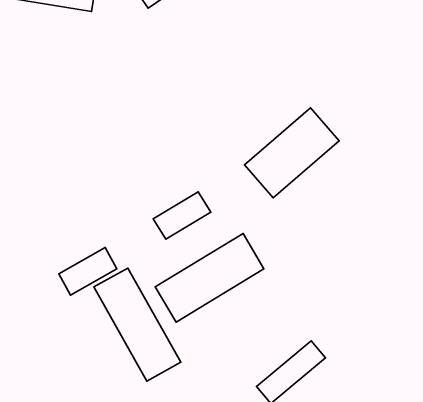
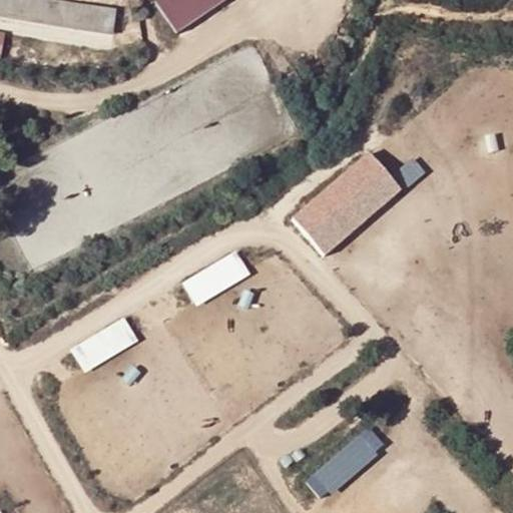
building: [155,234,264,322] -> none
building: [94,268,181,381] -> none

